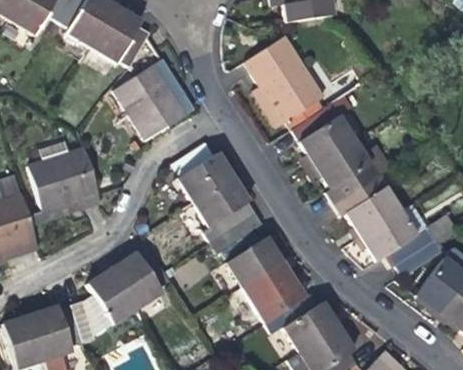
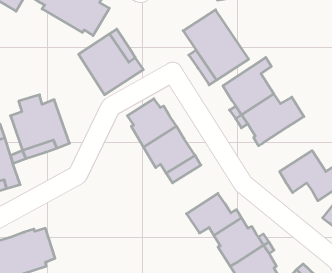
building: [334,175,400,235] -> none
building: [230,238,284,287] -> none
building: [71,248,171,342] -> none

